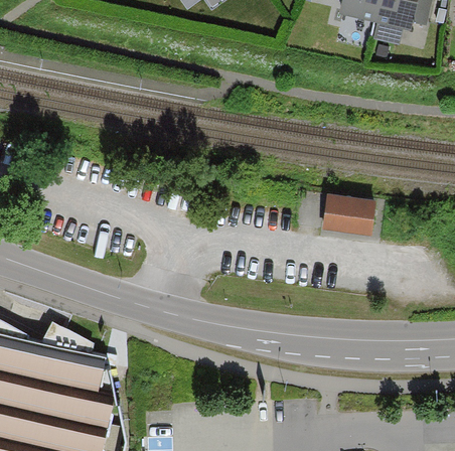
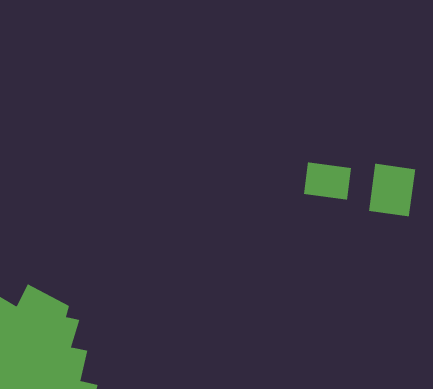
building: none -> [368,163,416,217]

